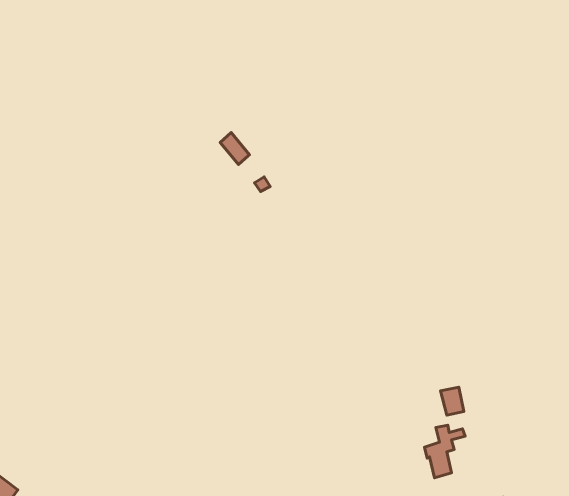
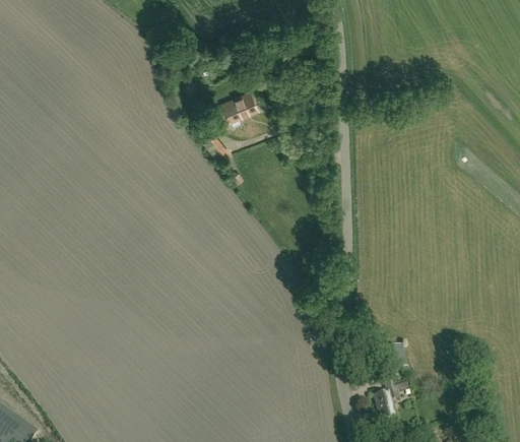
building: none -> [220,88,256,119]

